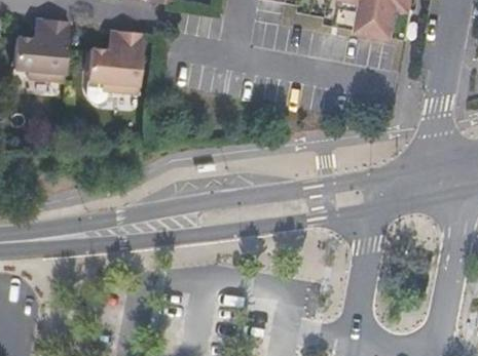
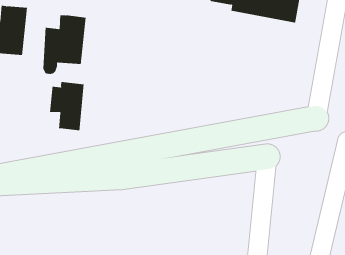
building: none -> [50,81,84,131]

